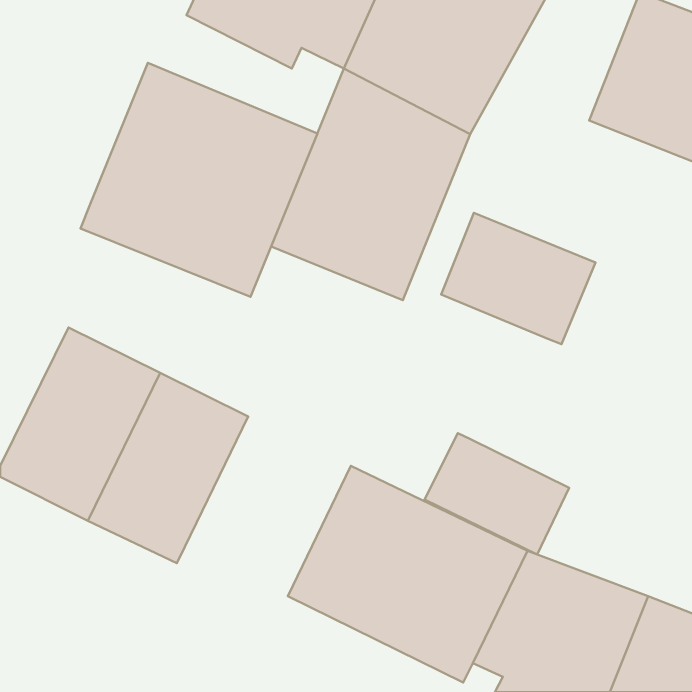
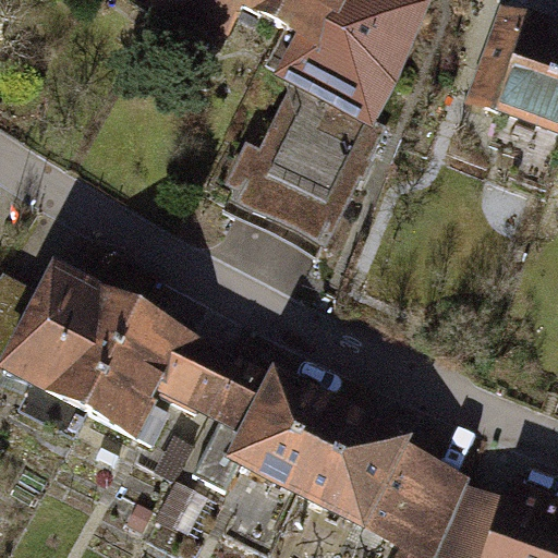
building: [80,63,317,297] -> none
building: [441,213,596,344] -> none
building: none -> [154,331,286,474]
building: [425,433,569,555] -> none

